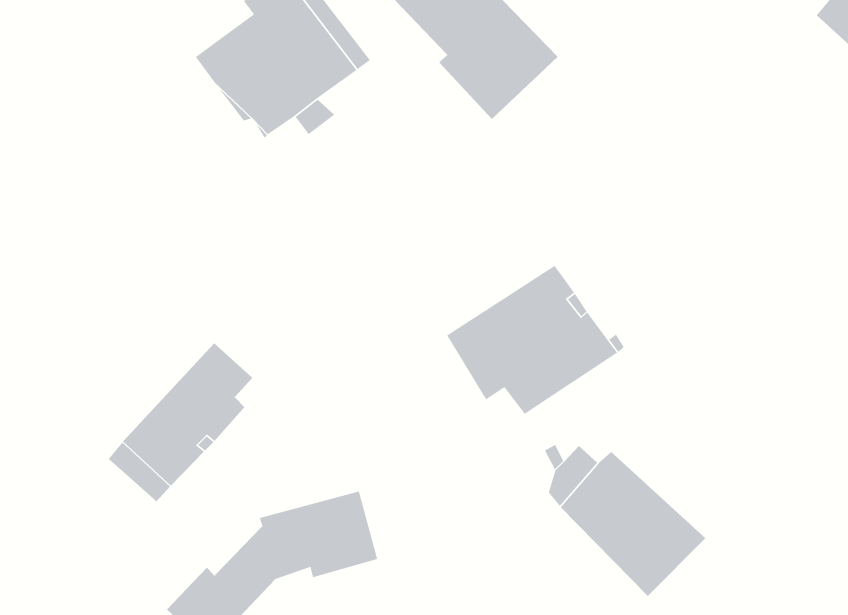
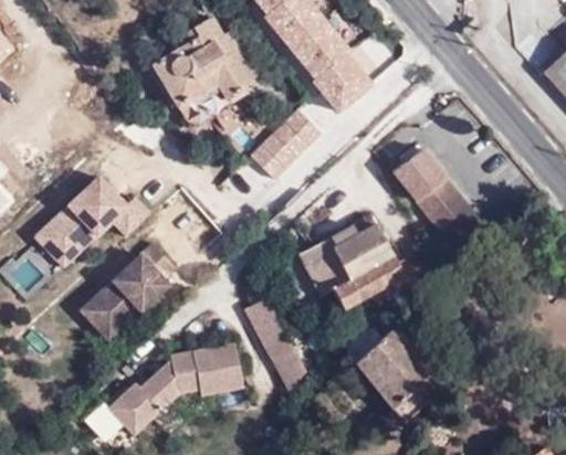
building: none -> [251,109,323,181]
building: none -> [392,149,480,244]
building: none -> [33,172,151,271]
building: none -> [247,298,303,392]

